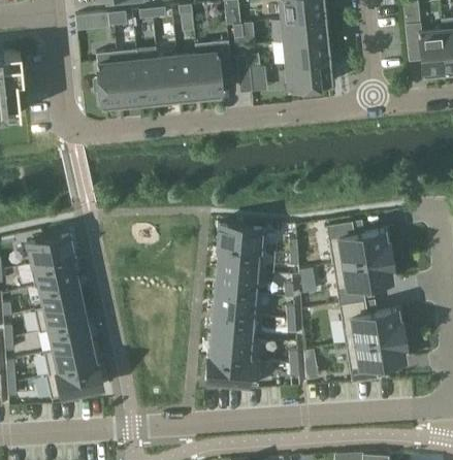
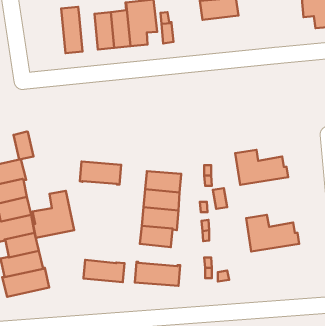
building: [95,52,123,107] -> none
building: [139,58,162,103] -> none
building: [288,60,333,92] -> none
building: none -> [14,132,33,160]
building: [218,224,267,252] -> [80,161,121,185]
building: [333,255,393,304] -> none
building: none -> [33,191,74,238]
building: [211,335,260,362] -> [84,260,125,282]
building: [347,335,407,383] -> none

